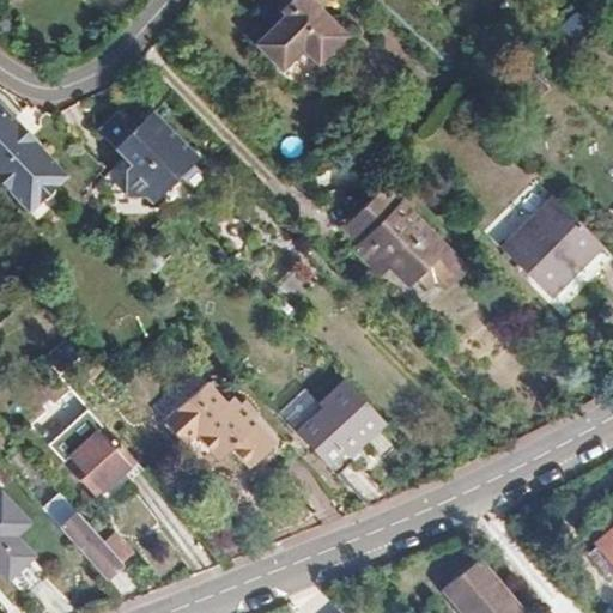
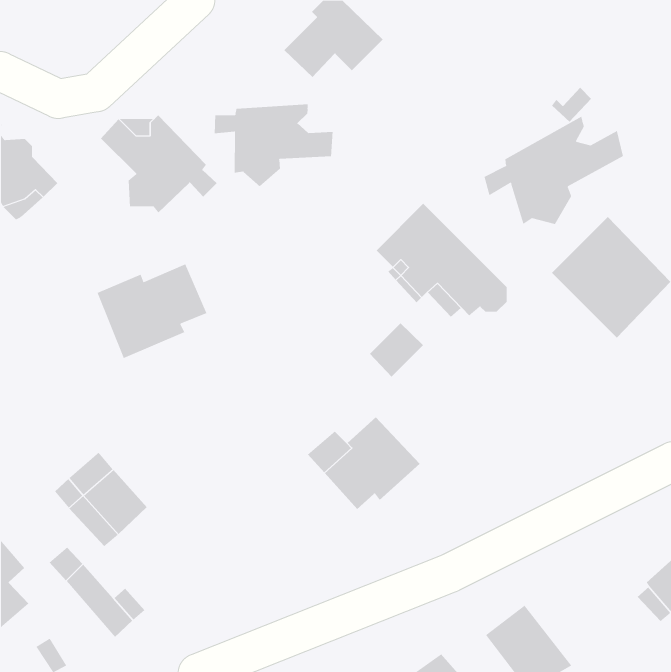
building: none -> [214,103,333,187]
building: none -> [484,116,623,225]
building: none -> [97,264,207,359]
building: none -> [369,323,424,377]
building: [165,383,275,467] -> none

